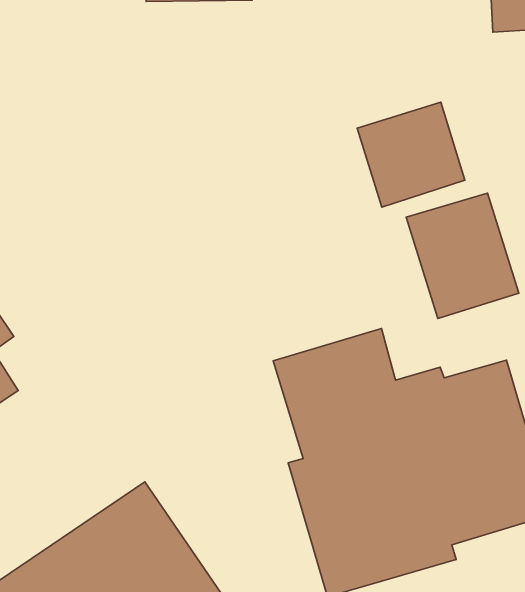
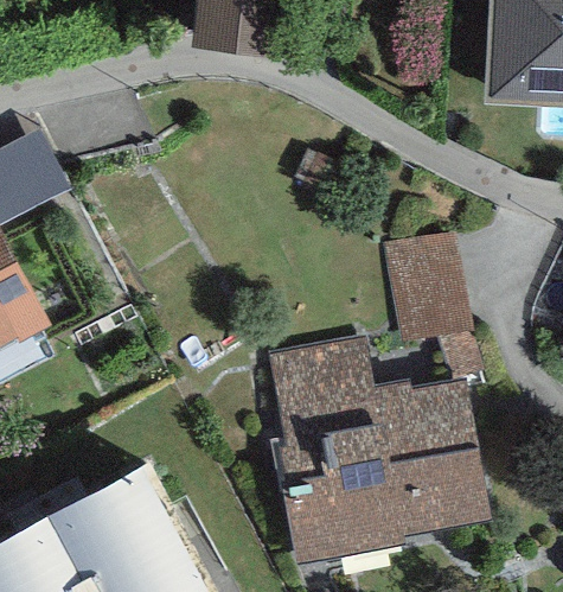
building: [357,102,465,207] -> none

